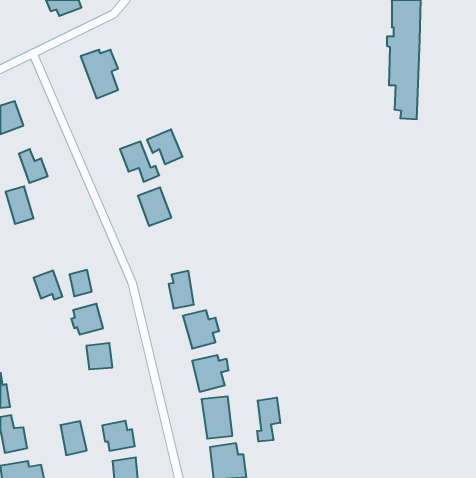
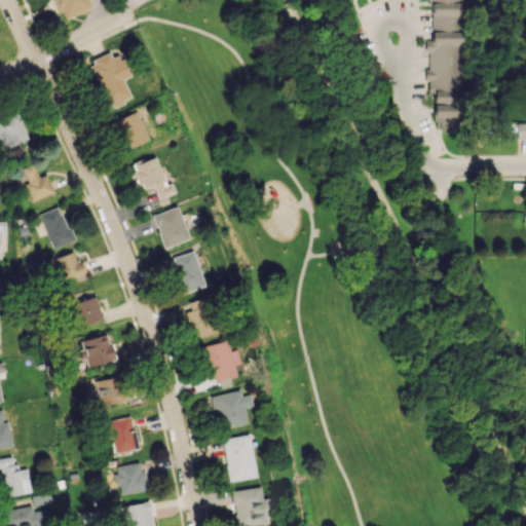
building: [147,129,183,164] -> [112,111,151,149]
building: [5,186,34,224] -> [42,208,73,249]
building: none -> [172,251,206,294]
building: [33,270,62,299] -> [57,251,88,283]
building: [257,397,280,442] -> none
building: [60,421,87,455] -> [111,417,140,454]

